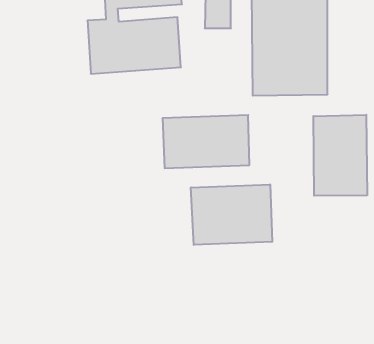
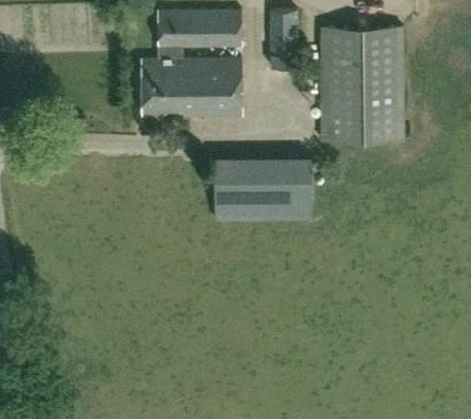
building: [313,115,367,196] -> none
building: [191,184,272,245] -> none

